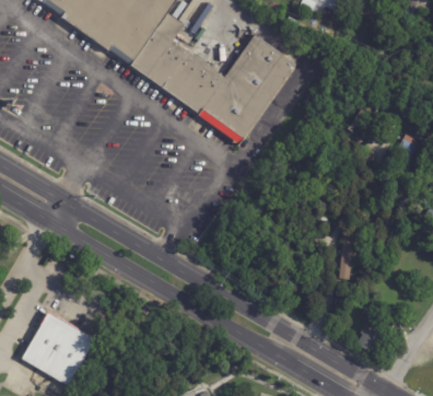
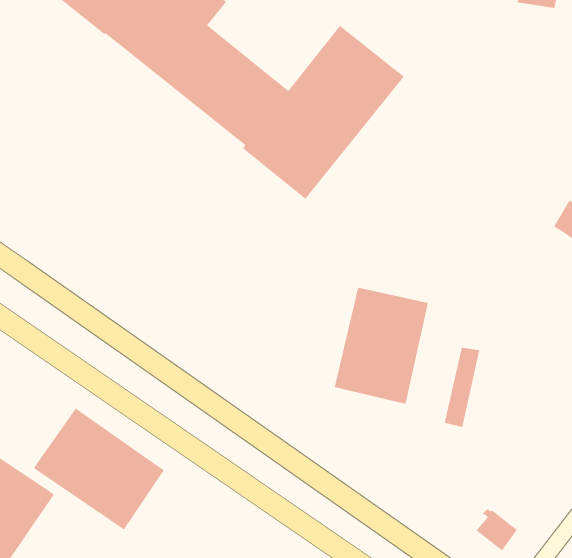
building: none -> [334,287,429,404]
building: none -> [33,408,165,531]

